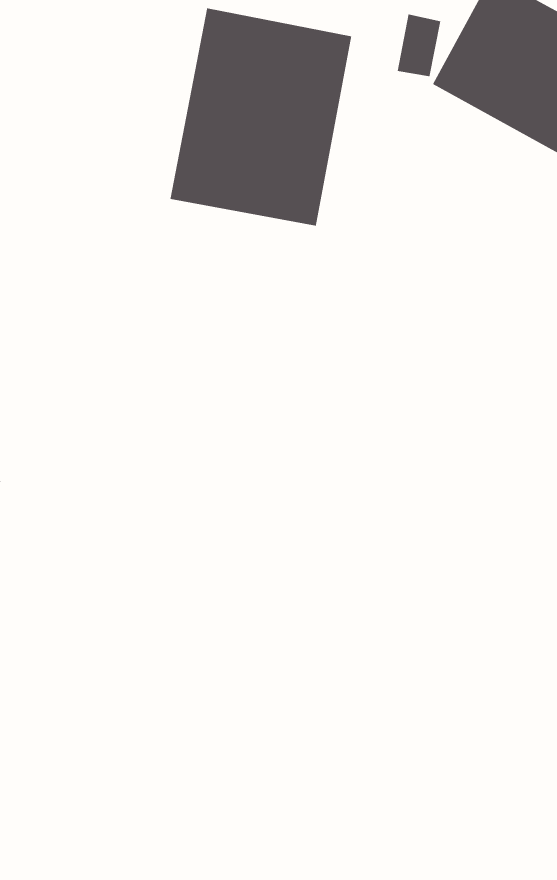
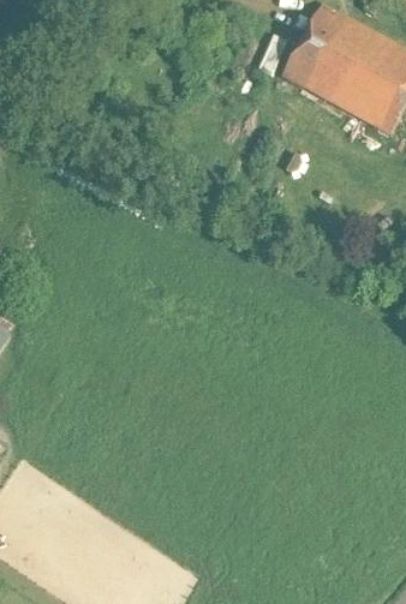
building: [170,8,352,226] -> none

